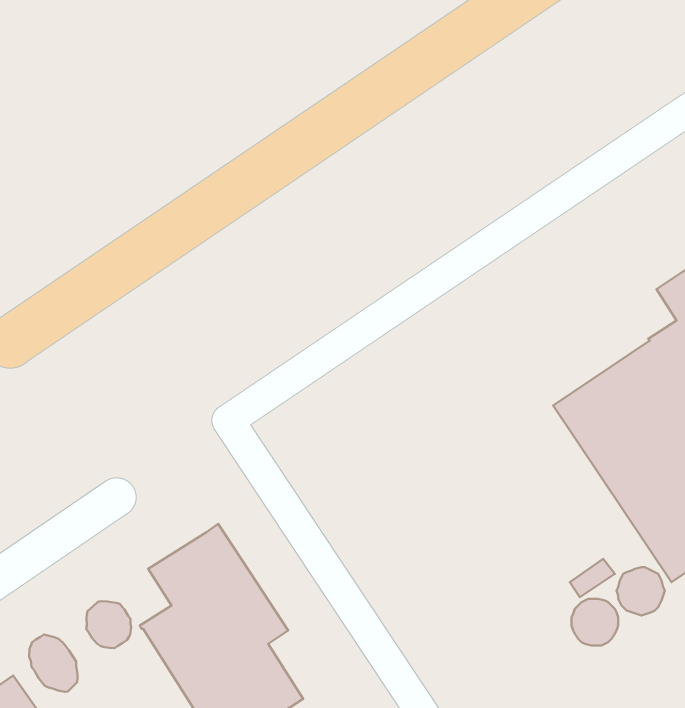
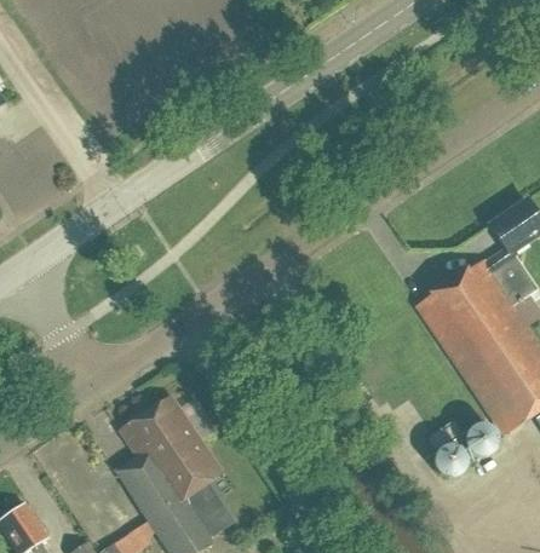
building: [86,601,131,648] -> none
building: [29,634,78,692] -> none

